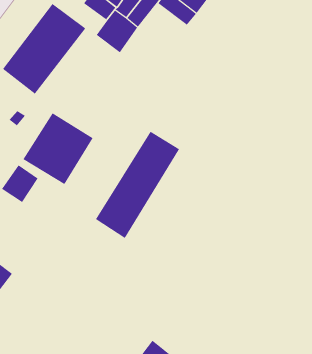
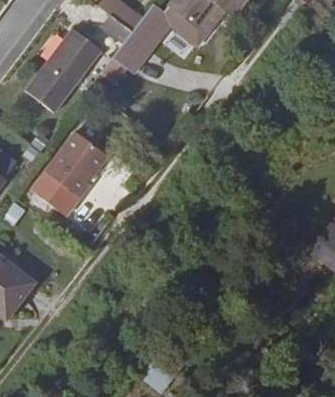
building: [95,131,180,239] -> none

